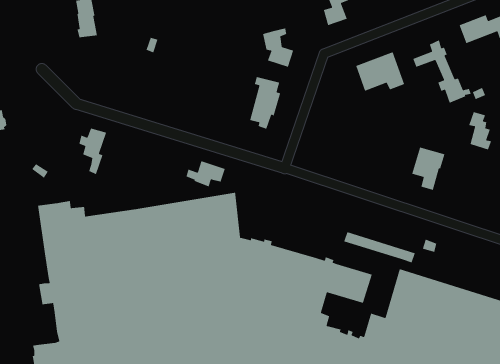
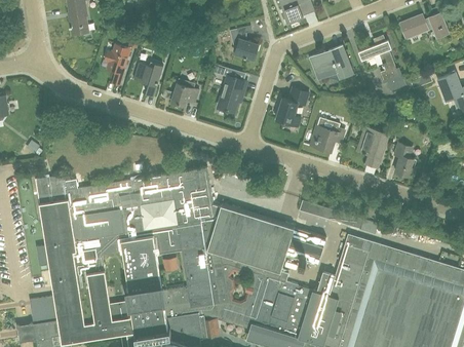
building: none -> [133,63,161,97]
building: none -> [276,89,306,126]
building: [468,111,492,151] -> [393,144,414,178]
building: [79,127,107,175] -> [104,45,128,86]
building: none -> [310,118,343,153]
building: [185,160,226,187] -> [163,83,198,107]

